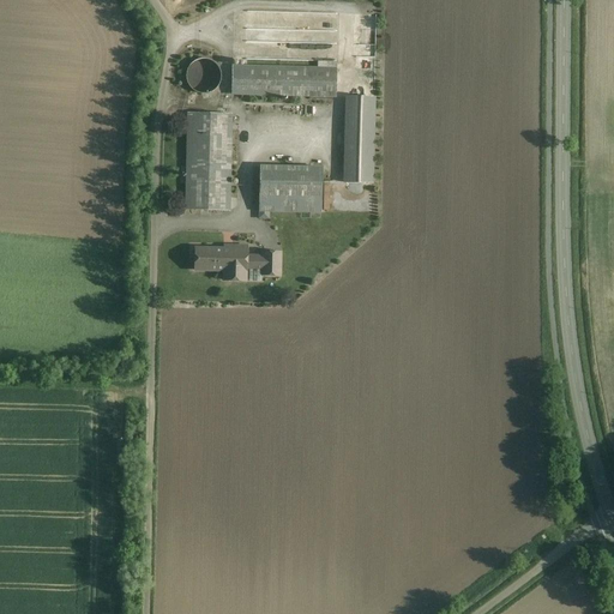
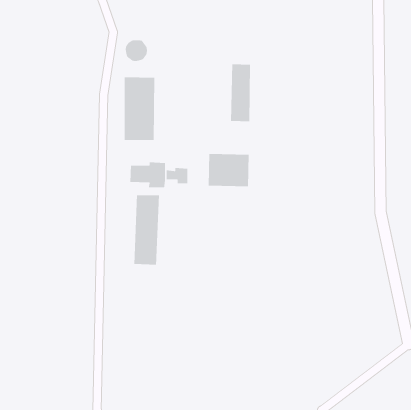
building: [233,55,335,95] -> none
building: [259,162,321,212] -> [208,153,250,187]
building: none -> [134,195,160,266]

